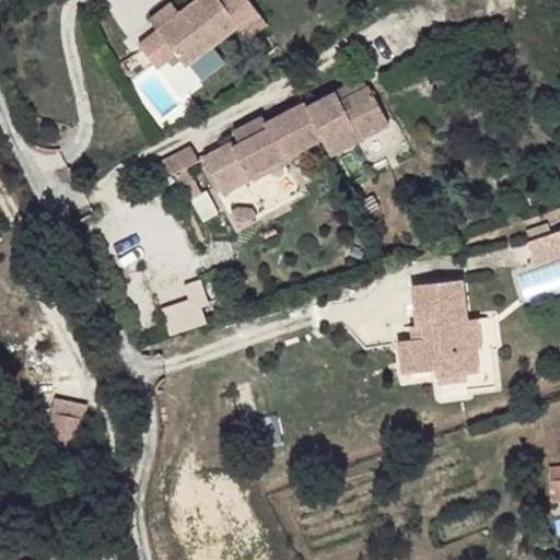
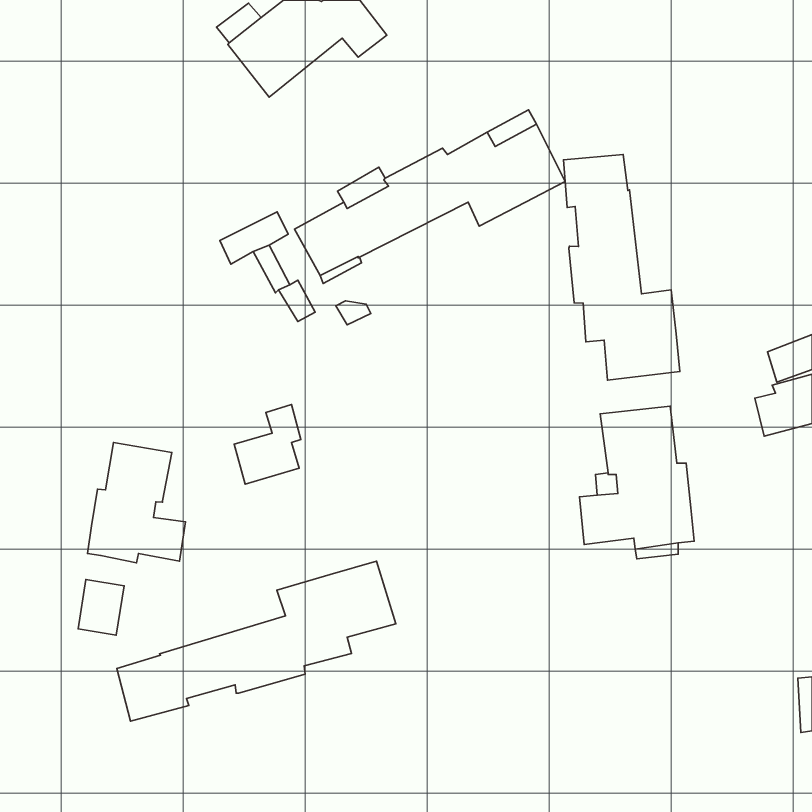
building: none -> [564,154,680,380]
building: none -> [88,443,186,563]
building: none -> [117,561,396,721]

